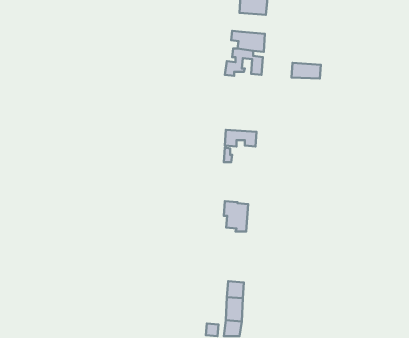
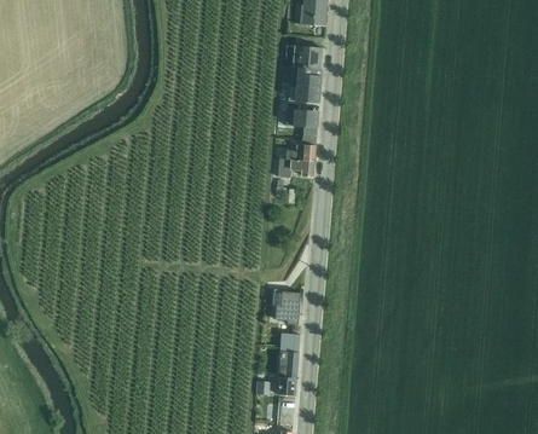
building: [292,63,321,79] -> [289,105,323,123]
building: none -> [279,135,317,161]
building: [224,201,248,232] -> [273,289,301,324]

